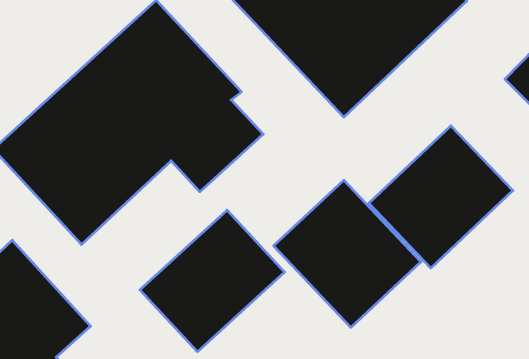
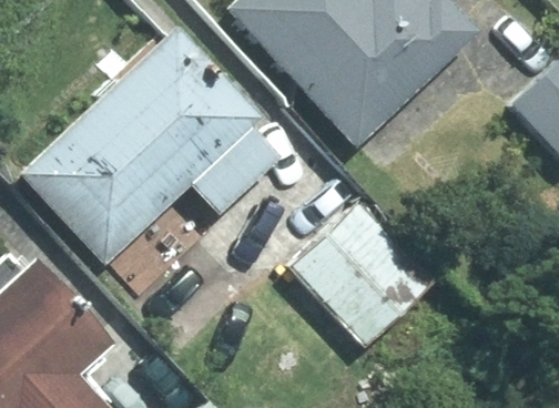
building: [369,126,513,268] -> none
building: [140,210,285,352] -> none

